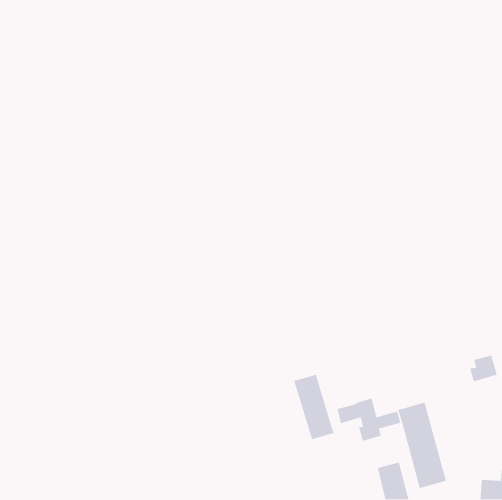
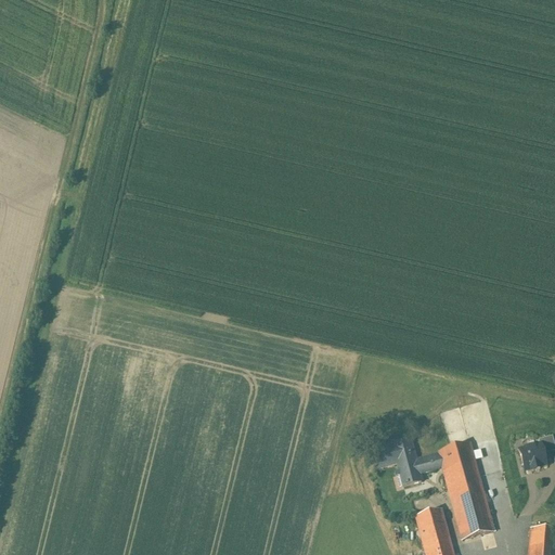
building: [469,354,498,382] -> [517,441,548,472]
building: [293,374,334,440] -> none

